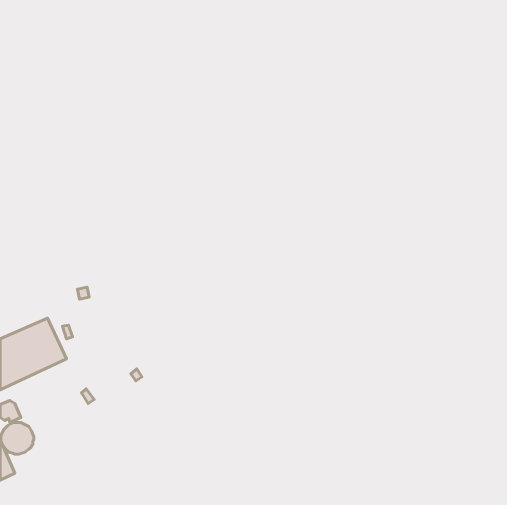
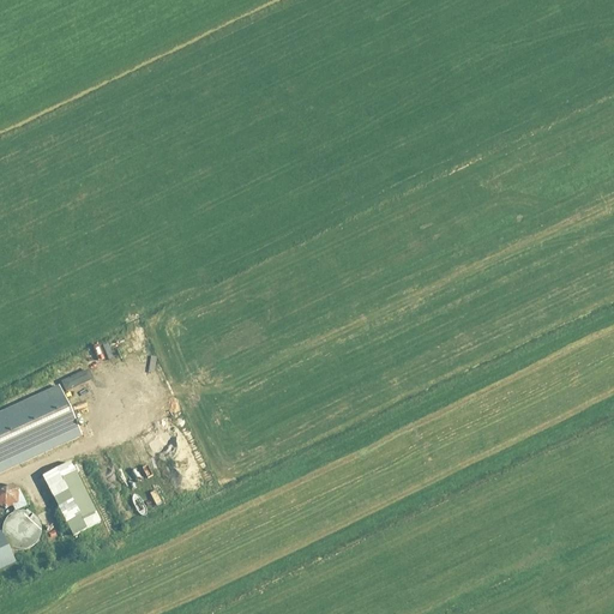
building: none -> [42,460,100,534]

